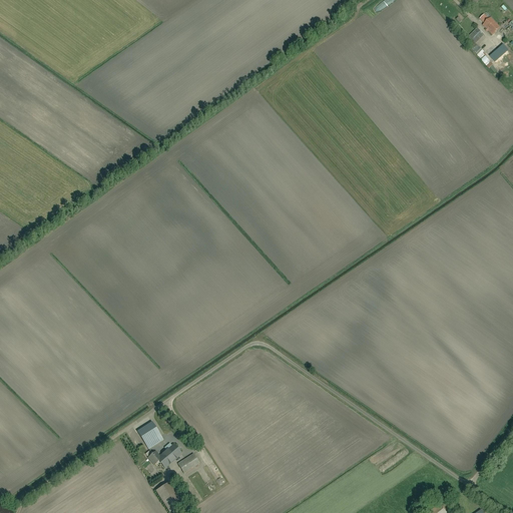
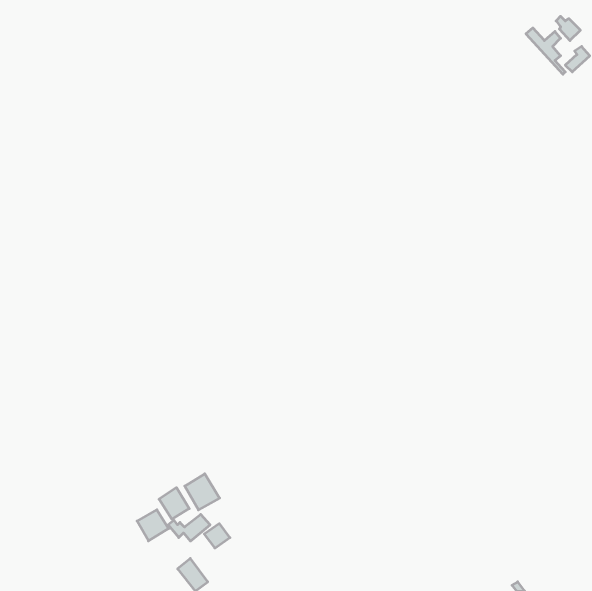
building: none -> [185,474,220,510]
building: none -> [137,510,169,541]

